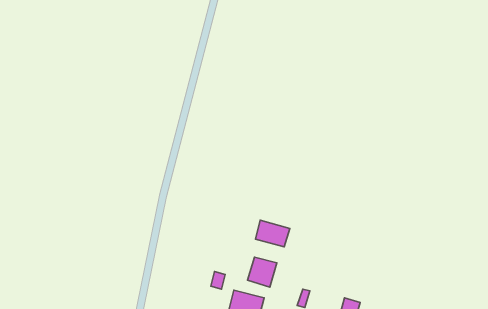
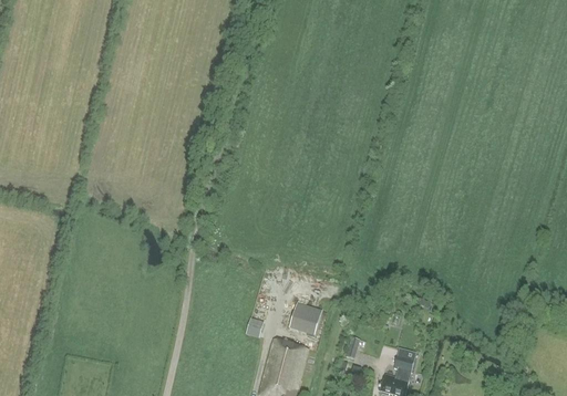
building: [255,220,290,247] -> none

